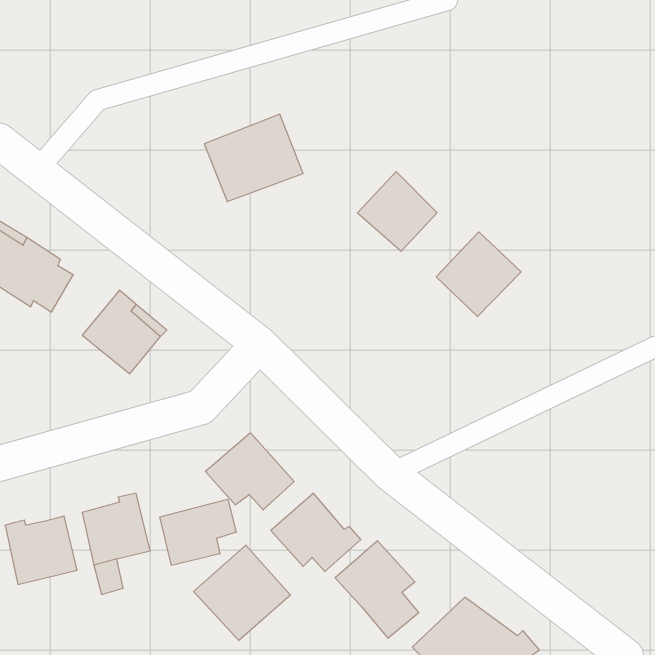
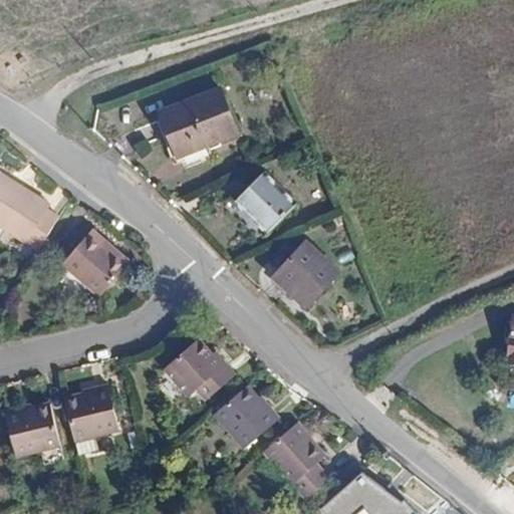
building: [357,172,437,251] -> [236,168,298,230]
building: [436,232,521,317] -> [273,244,339,310]
building: [160,499,236,565] -> none
building: [194,545,291,641] -> none

